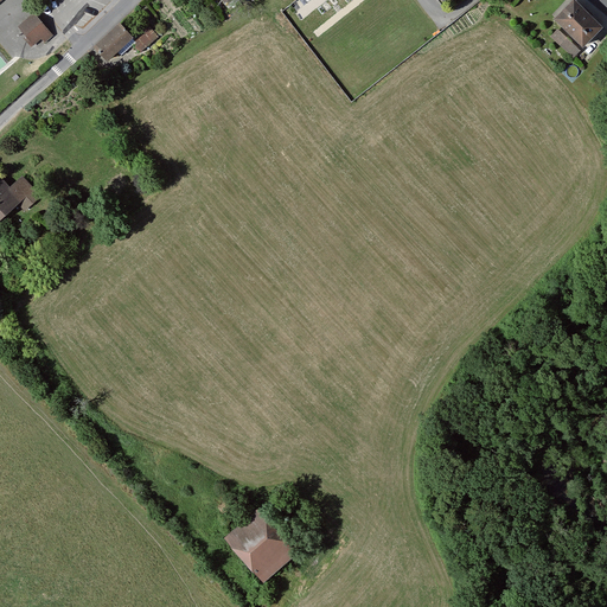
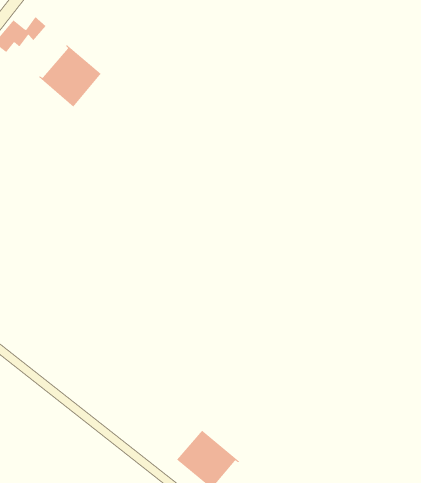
building: none -> [38,44,101,107]

